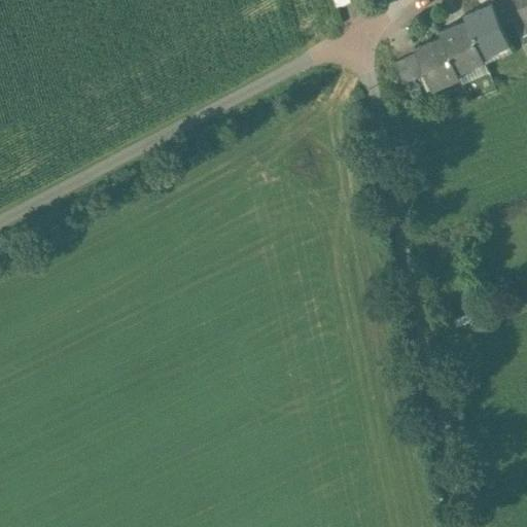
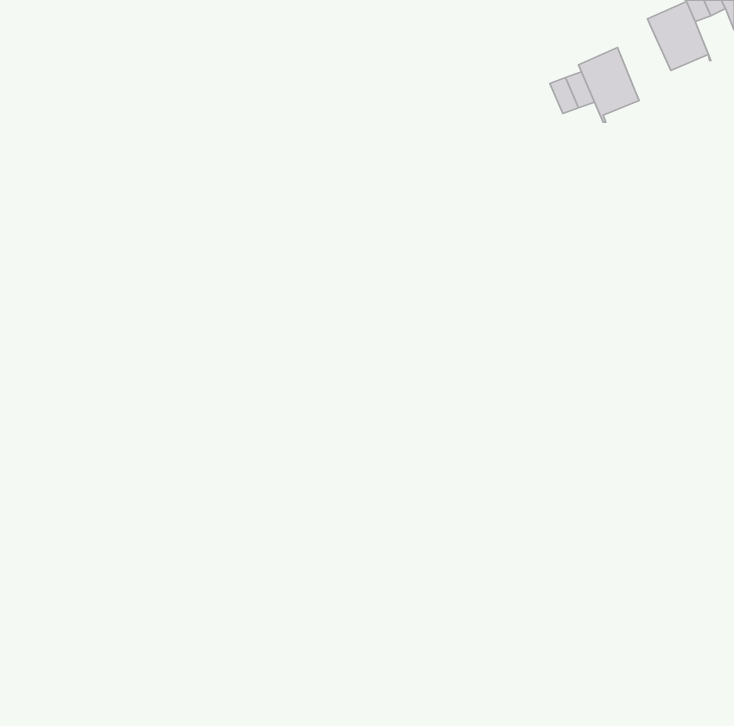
building: [440,25,482,73] -> none

